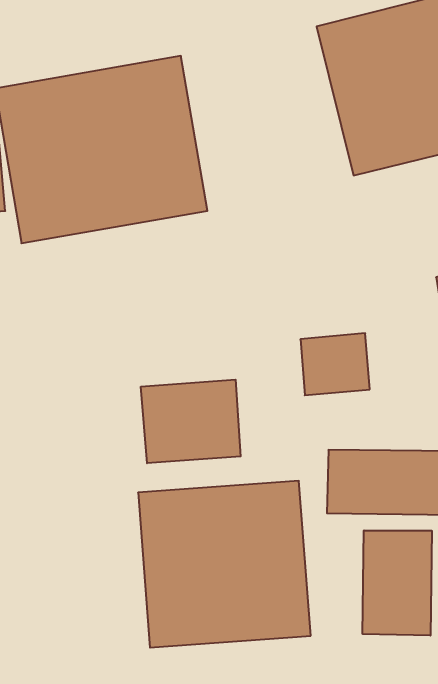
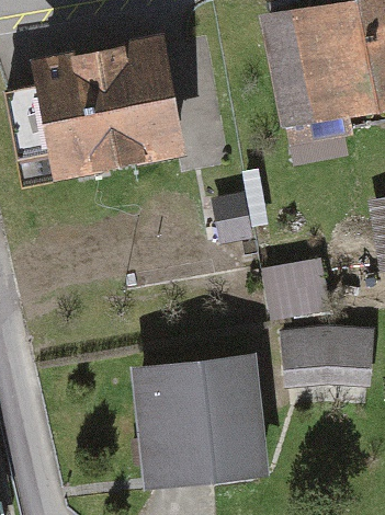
building: [141,380,241,463] -> none
building: [363,530,432,636] -> none

